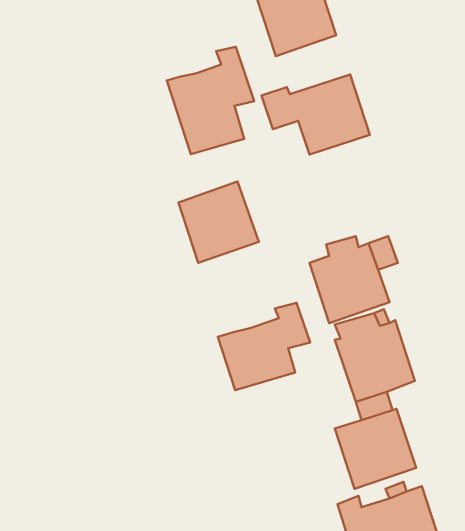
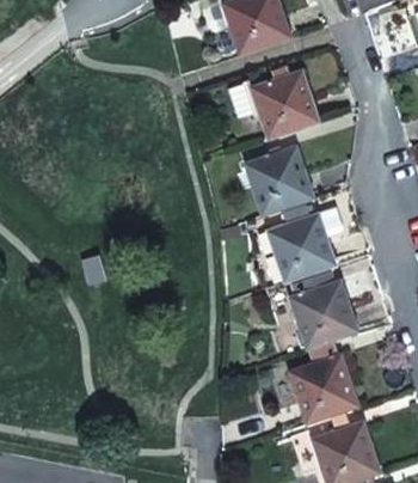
building: [167,47,254,154] -> none
building: [179,181,259,263] -> [245,146,313,215]
building: [218,303,310,390] -> none

